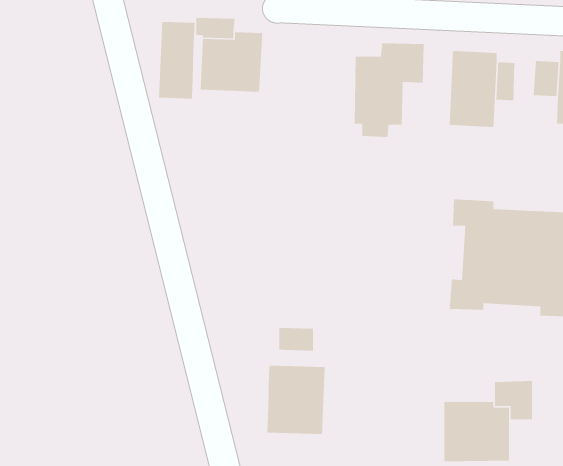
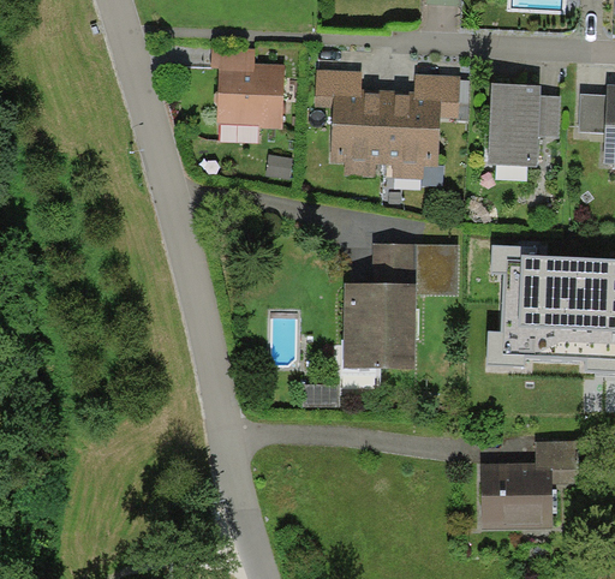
building: [158,21,196,100] -> none
building: none -> [316,70,386,178]
building: none -> [345,244,459,369]
building: [266,365,326,435] -> none

